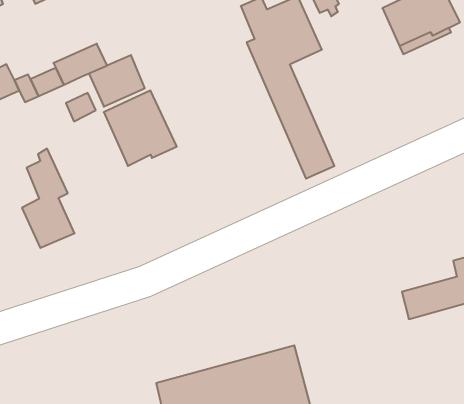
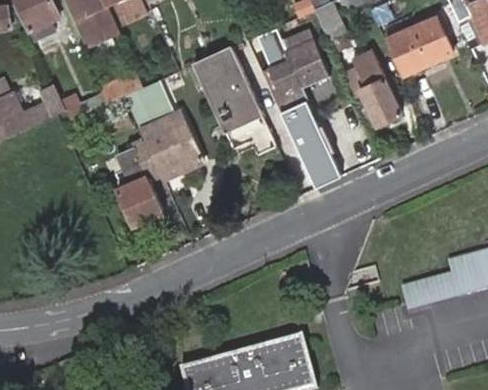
building: none -> [342,49,401,123]
building: none -> [196,50,274,151]
building: [22,149,75,248] -> [116,139,162,226]

